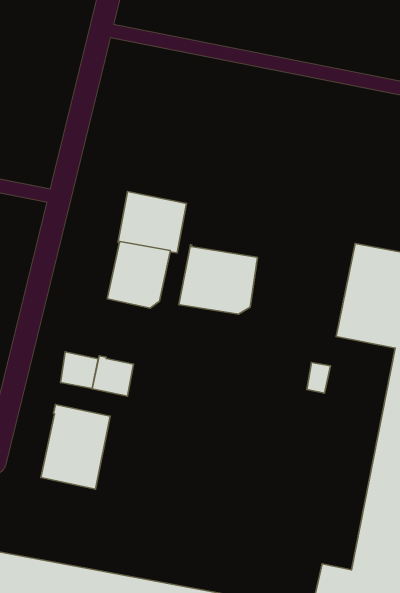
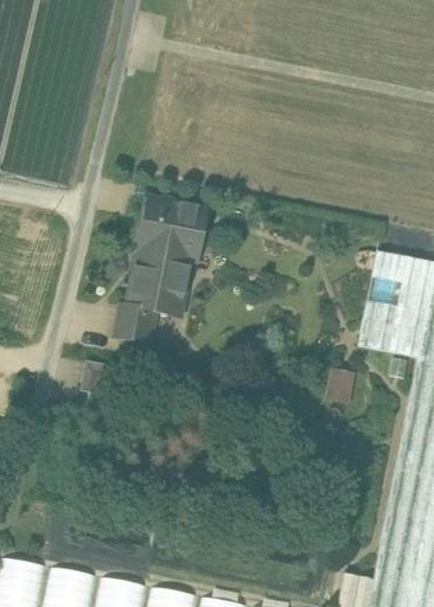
building: [179,245,258,314] -> none
building: [92,356,133,396] -> [116,305,158,345]
building: [41,405,110,489] -> none

